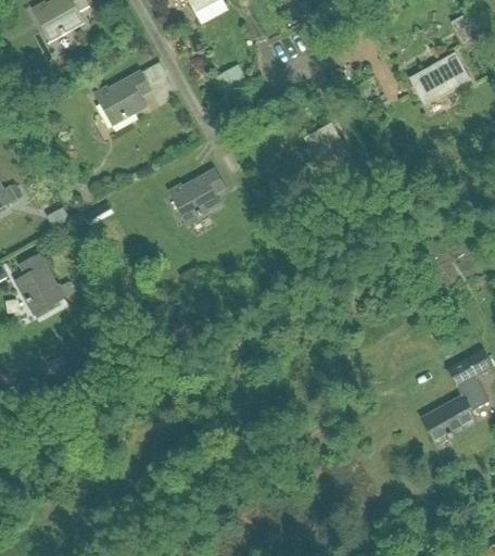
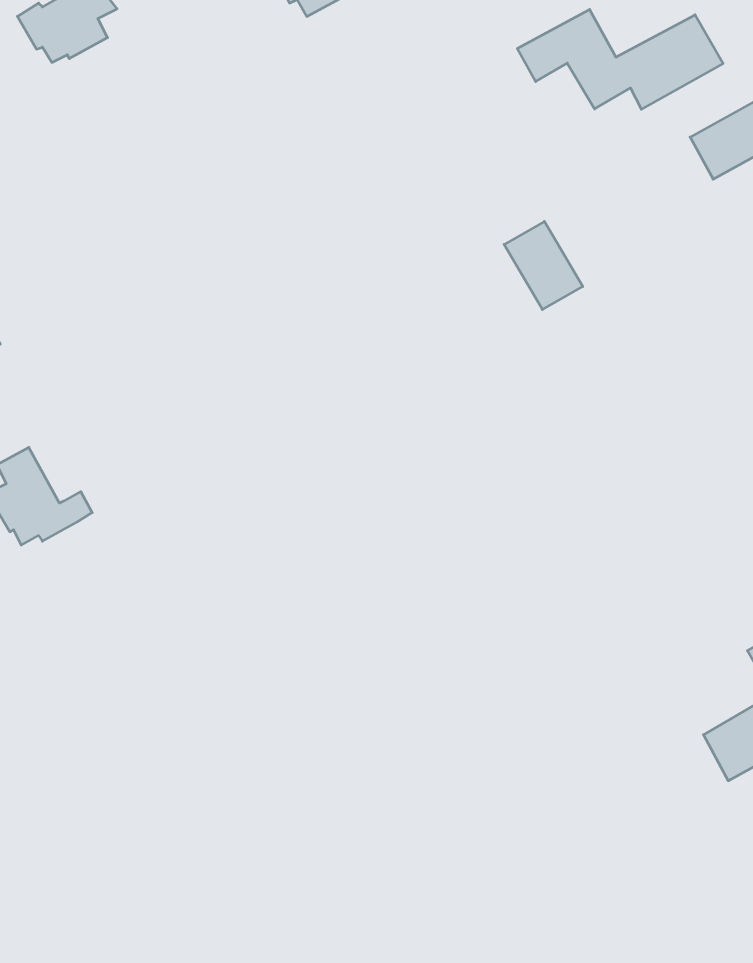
building: none -> [517,9,723,109]
building: [94,72,151,121] -> none
building: [169,169,225,218] -> none

